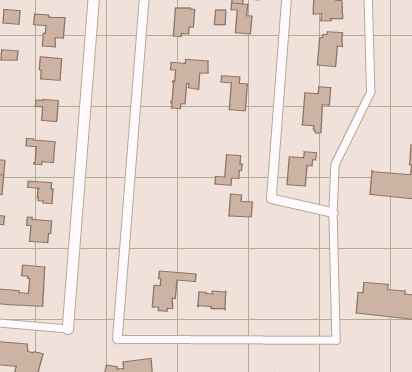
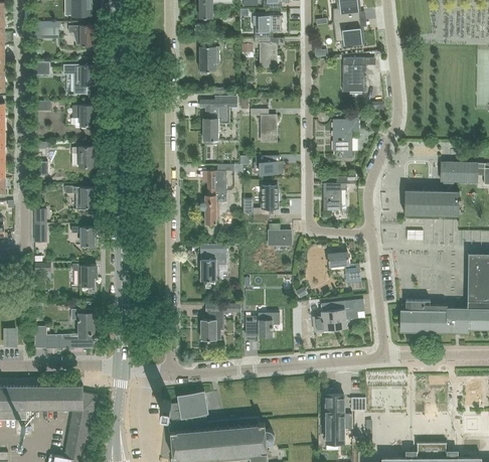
building: none -> [256,156,283,174]
building: none -> [200,164,233,224]
building: none -> [200,245,226,284]
building: none -> [328,253,360,274]
building: none -> [313,299,363,333]

